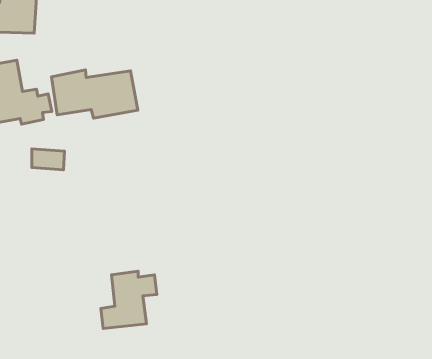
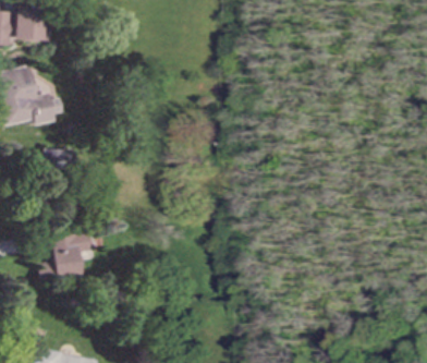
building: [51,70,138,118] -> none
building: [101,271,157,328] -> [40,229,93,282]

